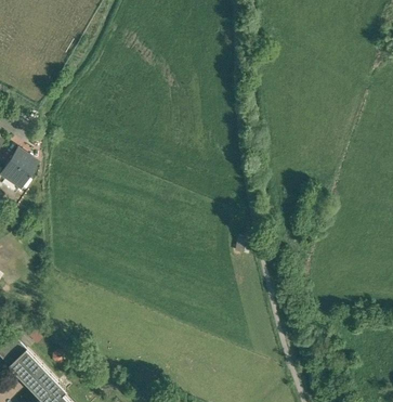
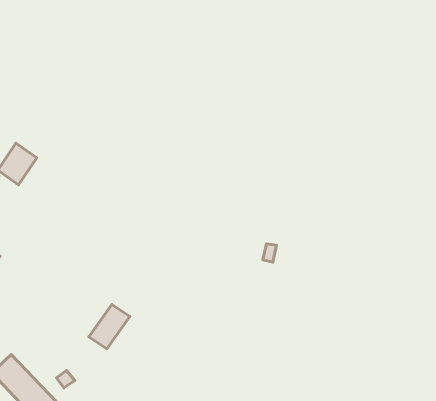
building: none -> [89,304,130,349]

